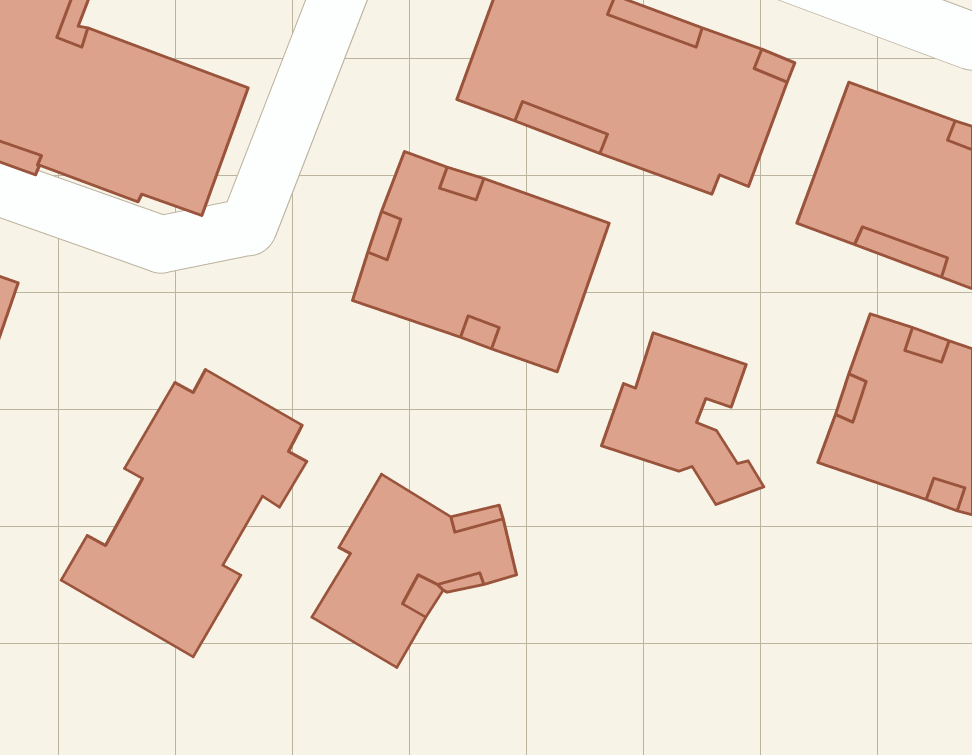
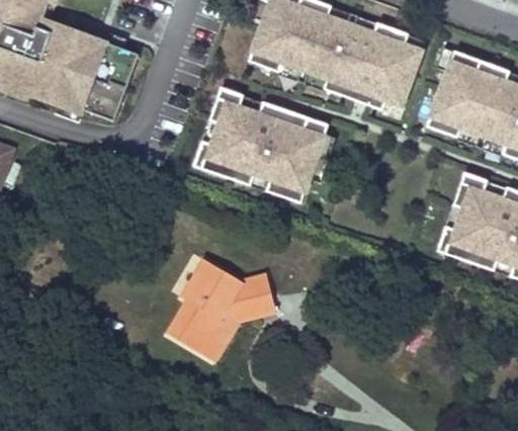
building: [602,333,764,504] -> none
building: [61,369,307,657] -> none

